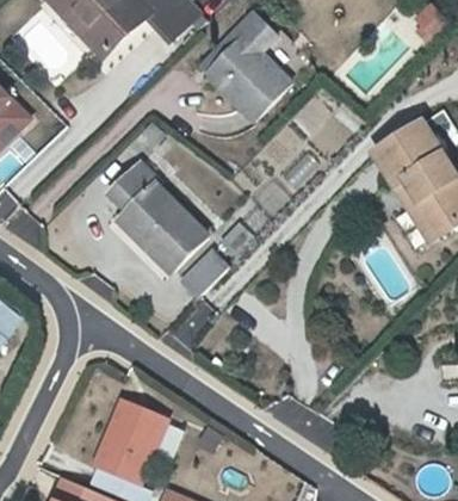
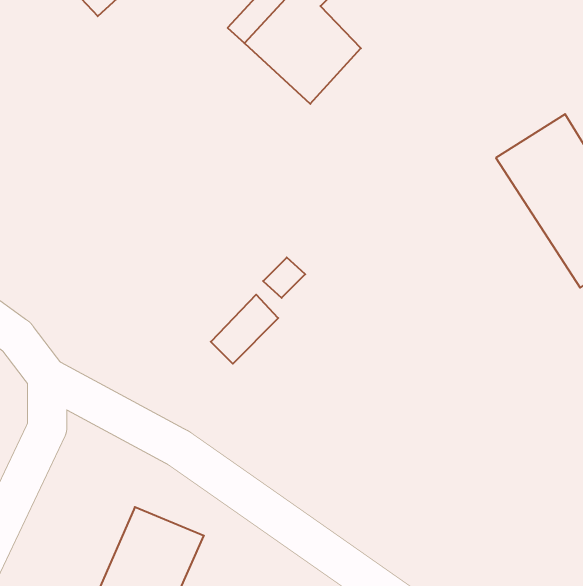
building: [105,167,204,273] -> none

